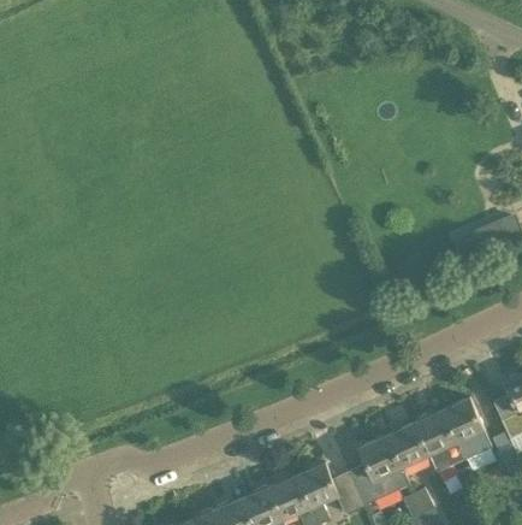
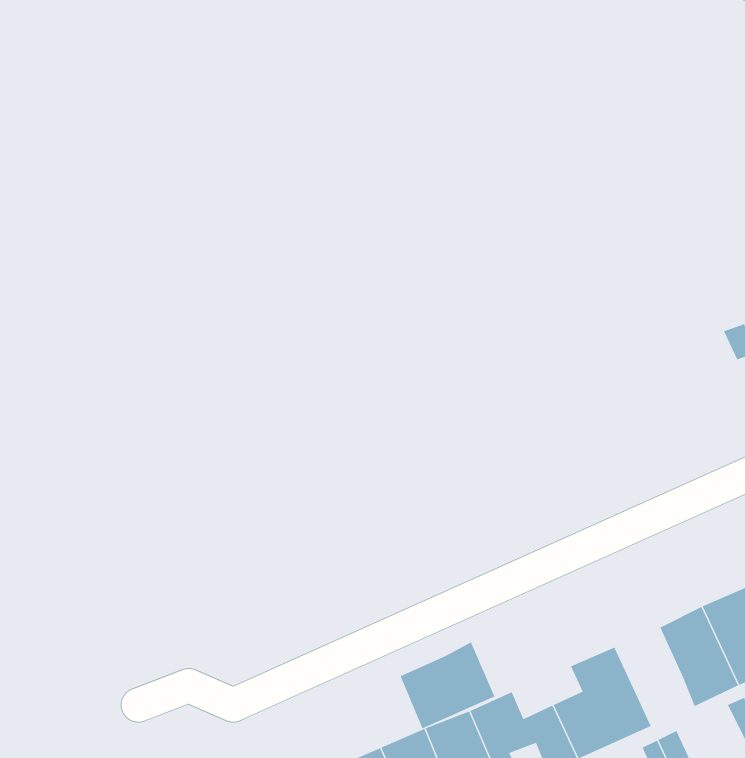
building: [387,424,429,467] -> none
building: none -> [400,642,495,729]

